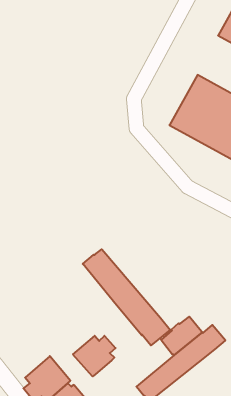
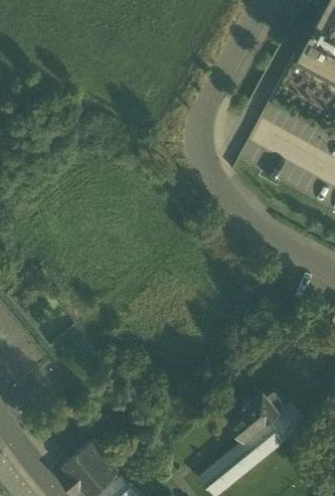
building: [83,249,170,345] -> none
building: [73,336,116,376] -> none

